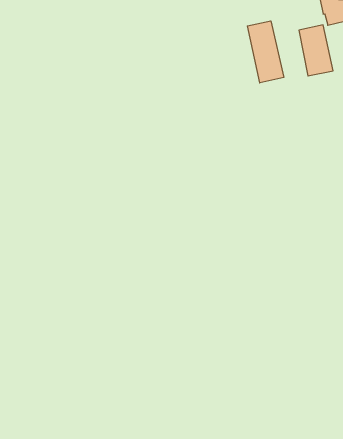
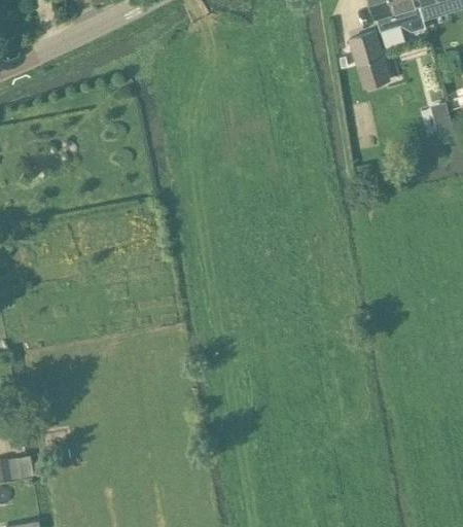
building: [247,21,284,83] -> none

